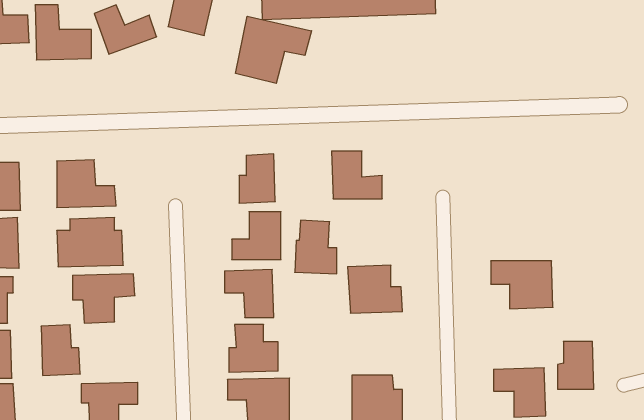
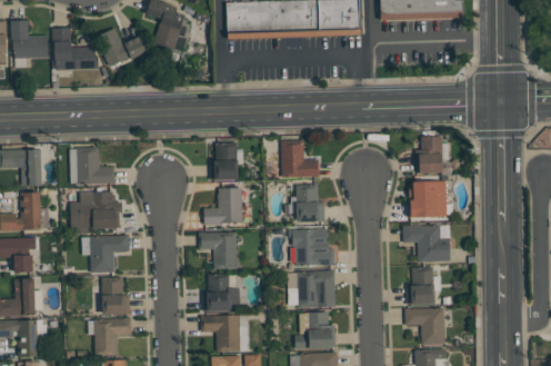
building: [236,16,312,83] -> none
building: none -> [418,136,450,174]
building: none -> [409,180,447,217]
building: [295,220,337,274] -> [292,180,324,221]
building: none -> [298,271,335,307]
building: [41,325,80,375] -> [101,276,131,315]
building: [558,341,594,389] -> [407,267,434,304]

